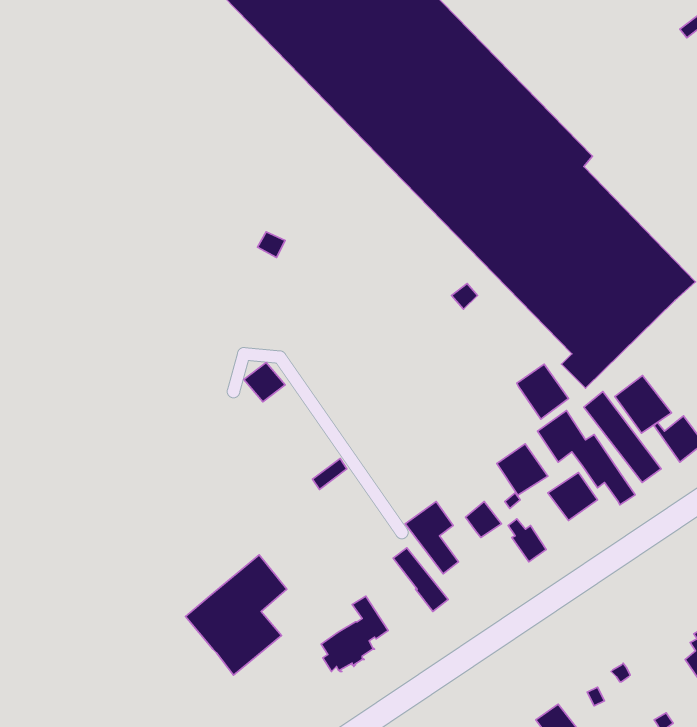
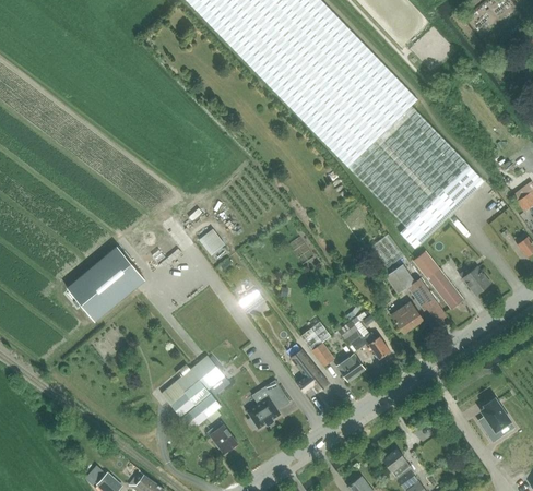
building: [615,375,671,433] -> none
building: none -> [67,247,145,322]
building: [497,444,548,495] -> none
building: none -> [336,354,365,382]
building: none -> [208,422,238,454]

